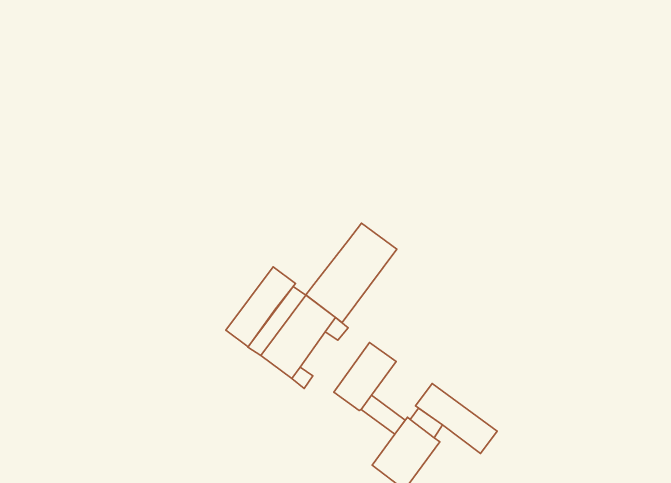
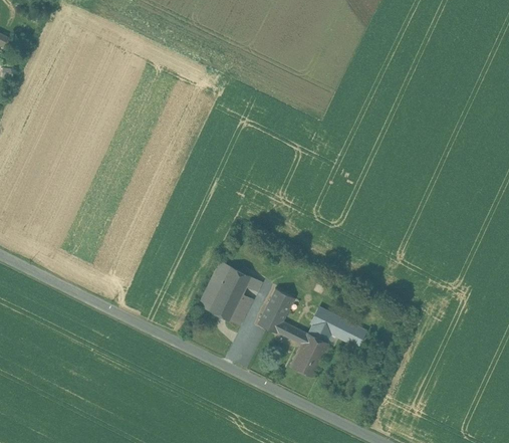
building: [306,223,397,323] -> none
building: [226,267,295,347] -> none

